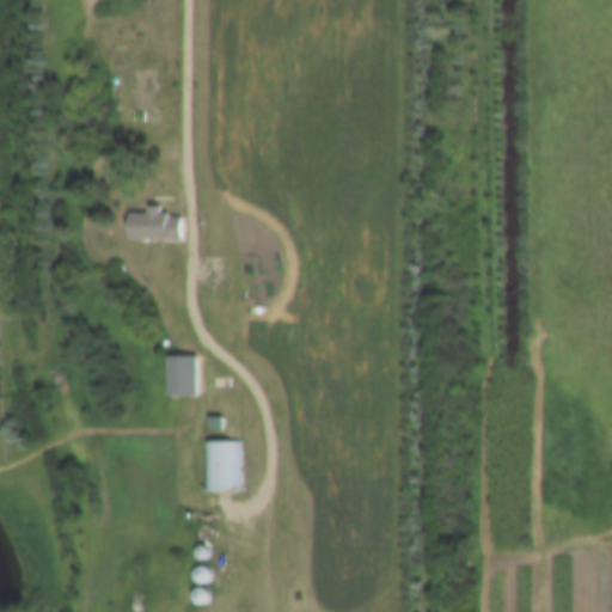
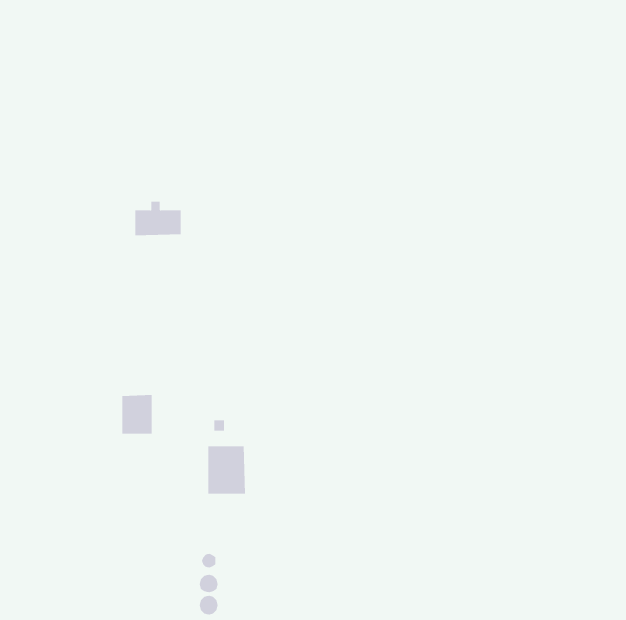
building: [167,355,197,393] -> [122,395,152,434]

